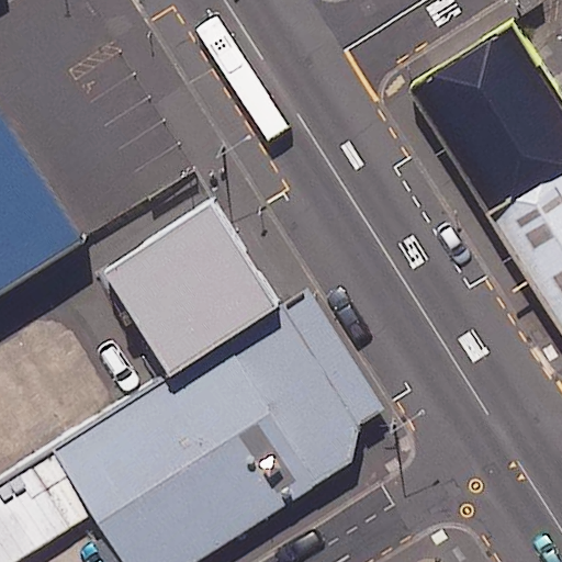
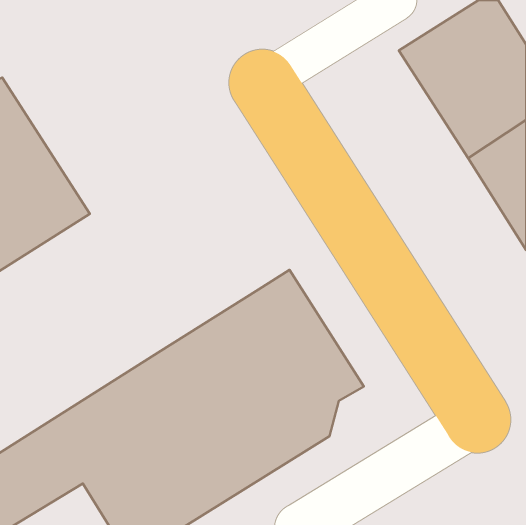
building: [100,202,274,378] -> none

